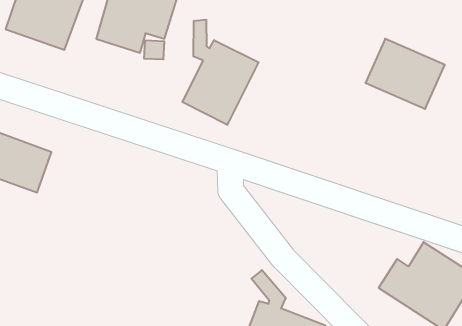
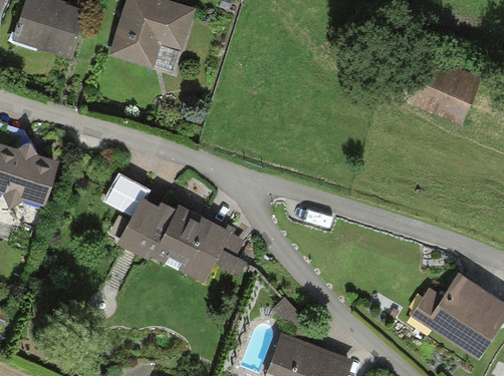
building: [182,20,259,125] -> none
building: none -> [103,170,247,286]

